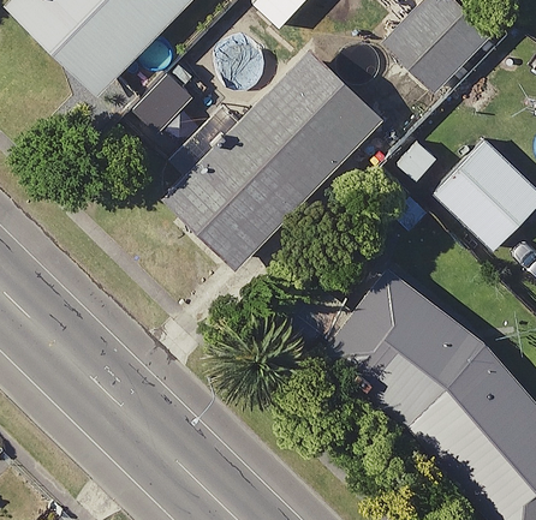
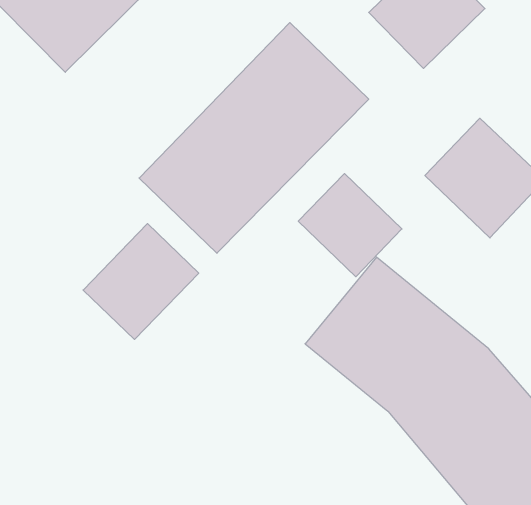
building: none -> [298,174,402,277]
building: none -> [83,224,199,339]

